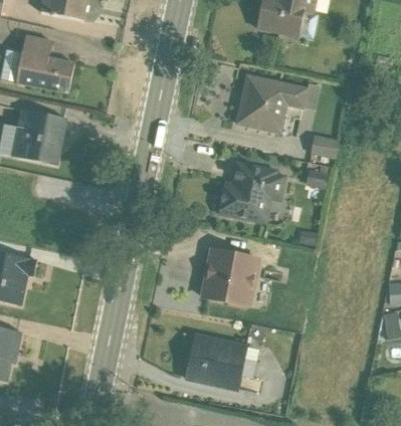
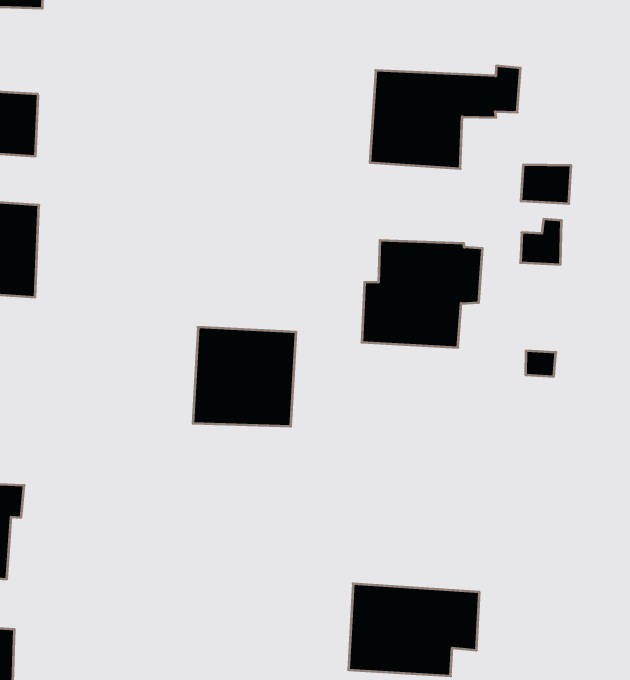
building: [201,248,260,305] -> [193,327,296,426]

